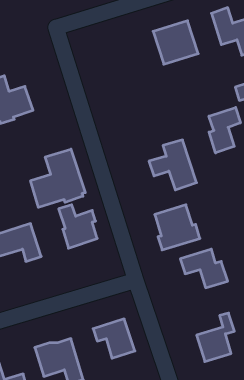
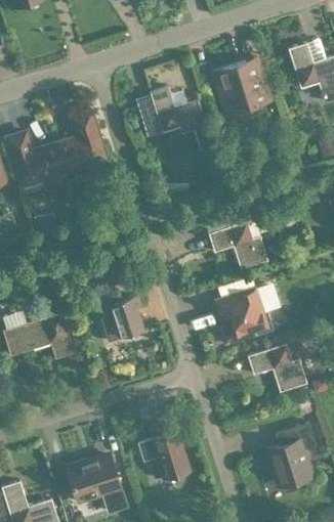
building: none -> [150,87,213,149]
building: none -> [54,107,110,171]
building: [209,107,240,153] -> none
building: [31,149,85,207] -> none

